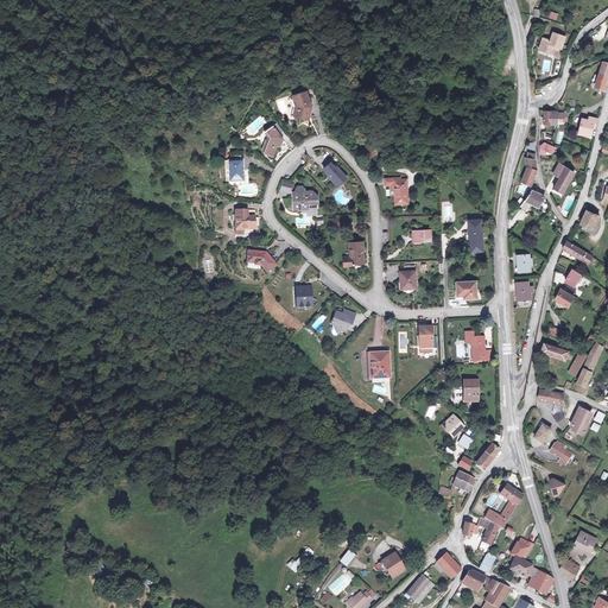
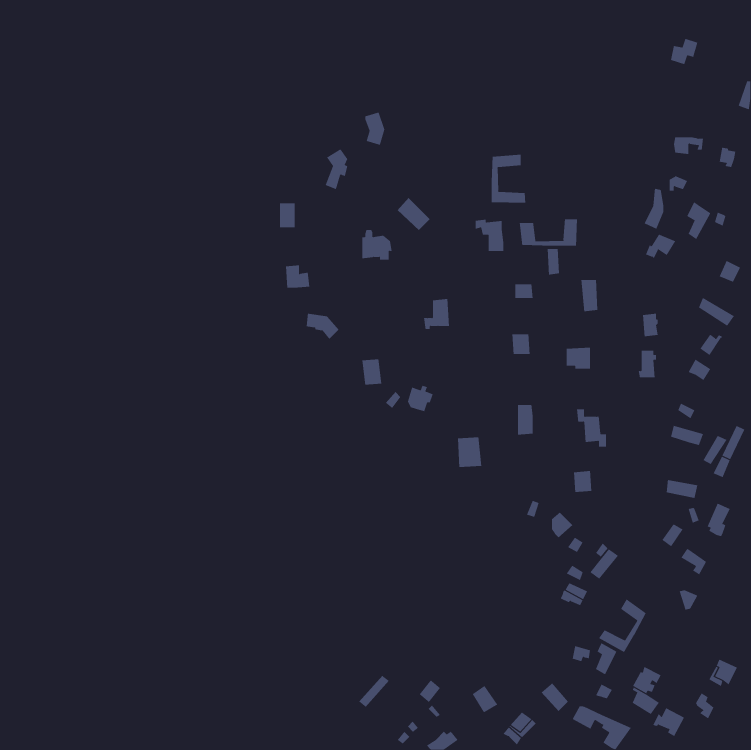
building: none -> [491,154,526,203]
building: none -> [519,218,577,246]

